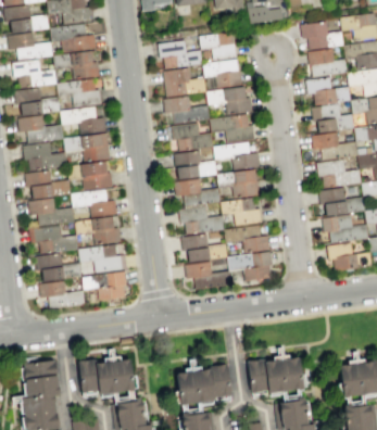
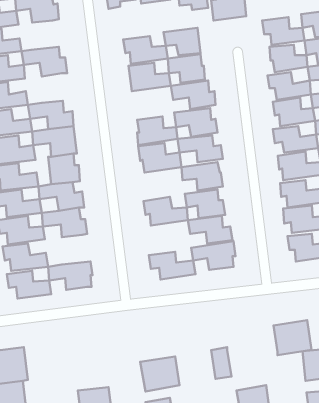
building: [51,24,98,54] -> none
building: [58,78,102,109] -> none
building: [164,96,211,124] -> none
building: [175,178,222,206] -> none
building: [181,233,228,262] -> none
building: [78,244,128,275] -> none
building: [265,357,304,393] -> [273,320,311,355]
building: [78,359,135,395] -> none
building: [212,365,233,399] -> none

